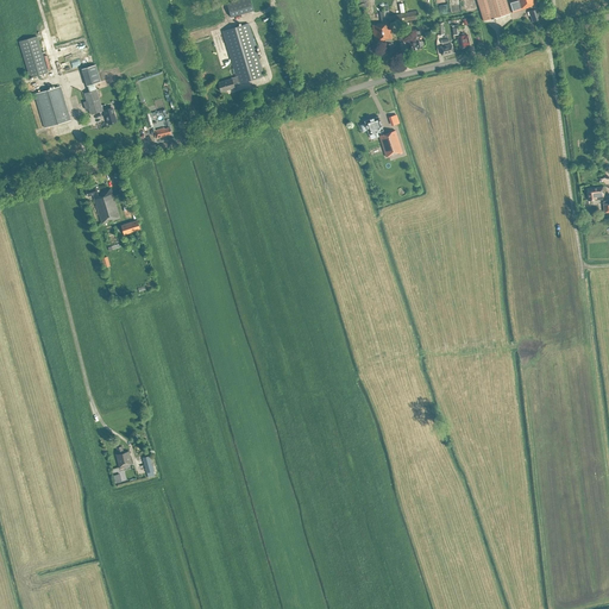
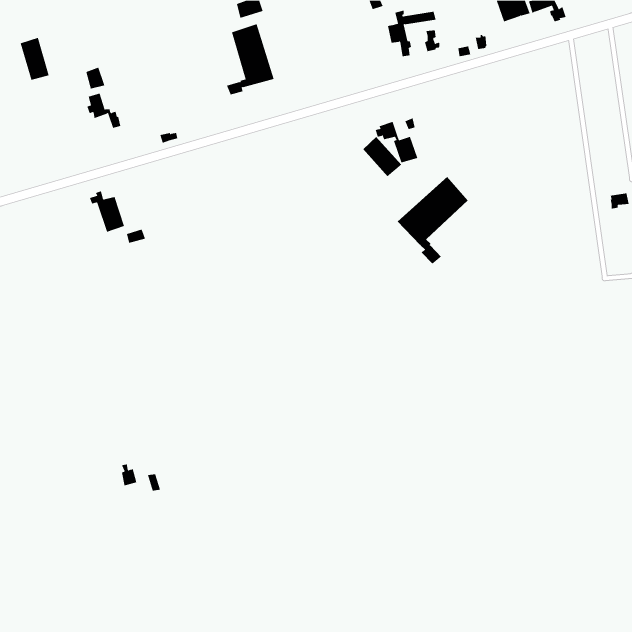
building: [34,86,70,127] -> none
building: none -> [363,136,402,177]
building: none -> [397,176,468,264]

